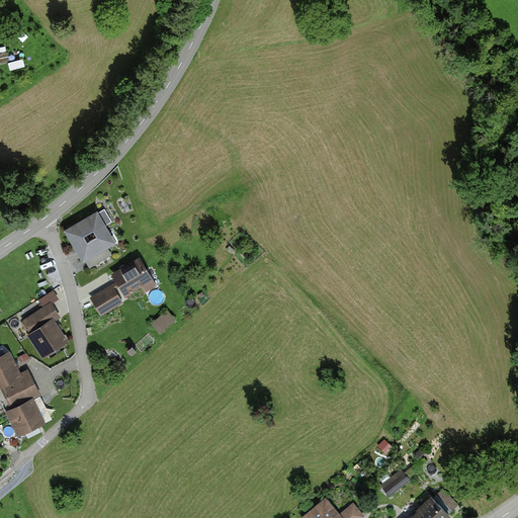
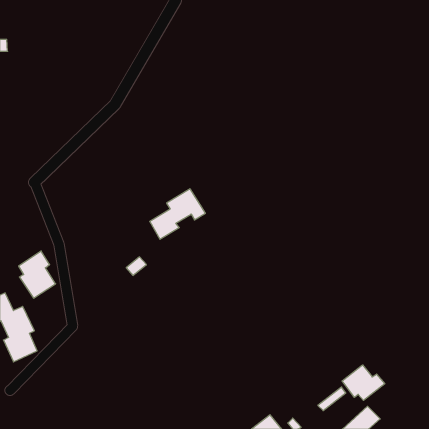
building: [65,211,114,260] -> none
building: [88,257,155,318] -> [150,189,205,239]
building: none -> [342,365,385,400]

